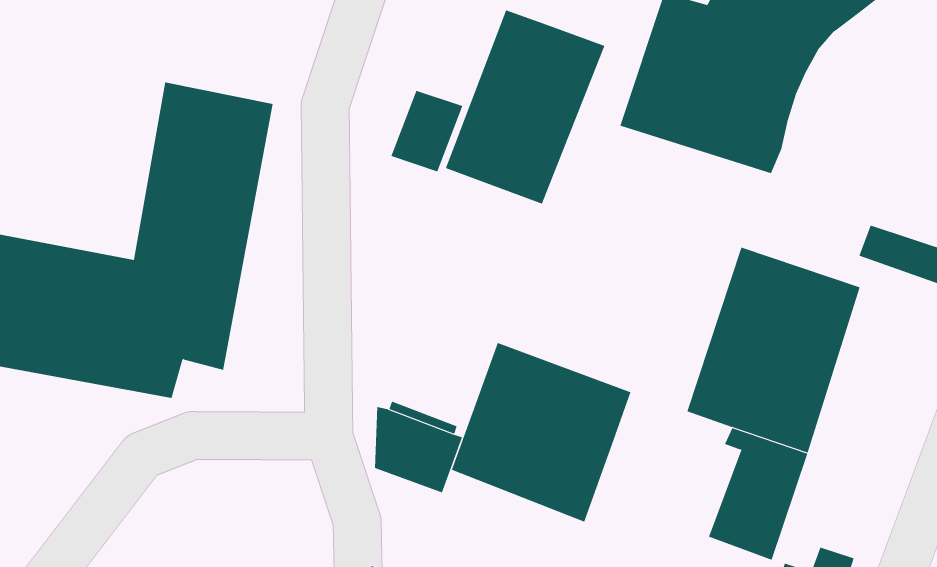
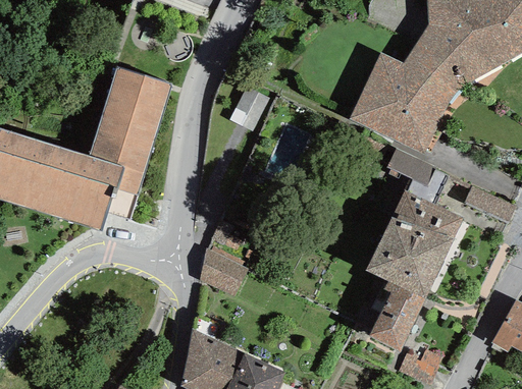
building: [445,10,605,205] -> none
building: none -> [385,148,435,185]
building: [451,342,631,523] -> none

